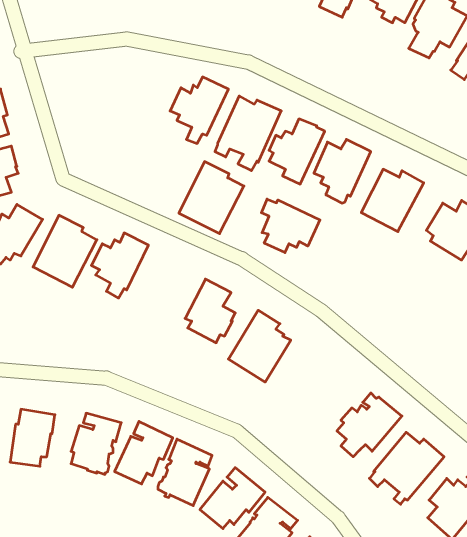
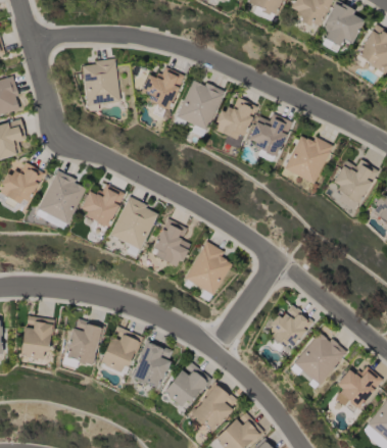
building: none -> [83,60,120,106]
building: [179,162,244,234] -> [109,197,158,251]
building: [261,199,320,253] -> none

